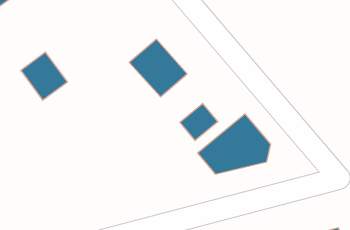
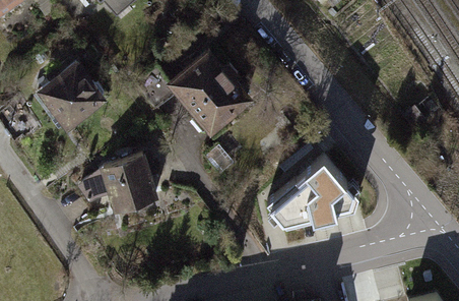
building: [180,103,218,141] -> none
building: none -> [106,156,156,212]

